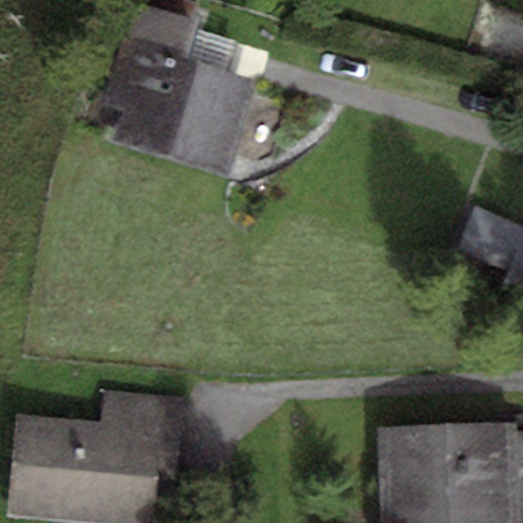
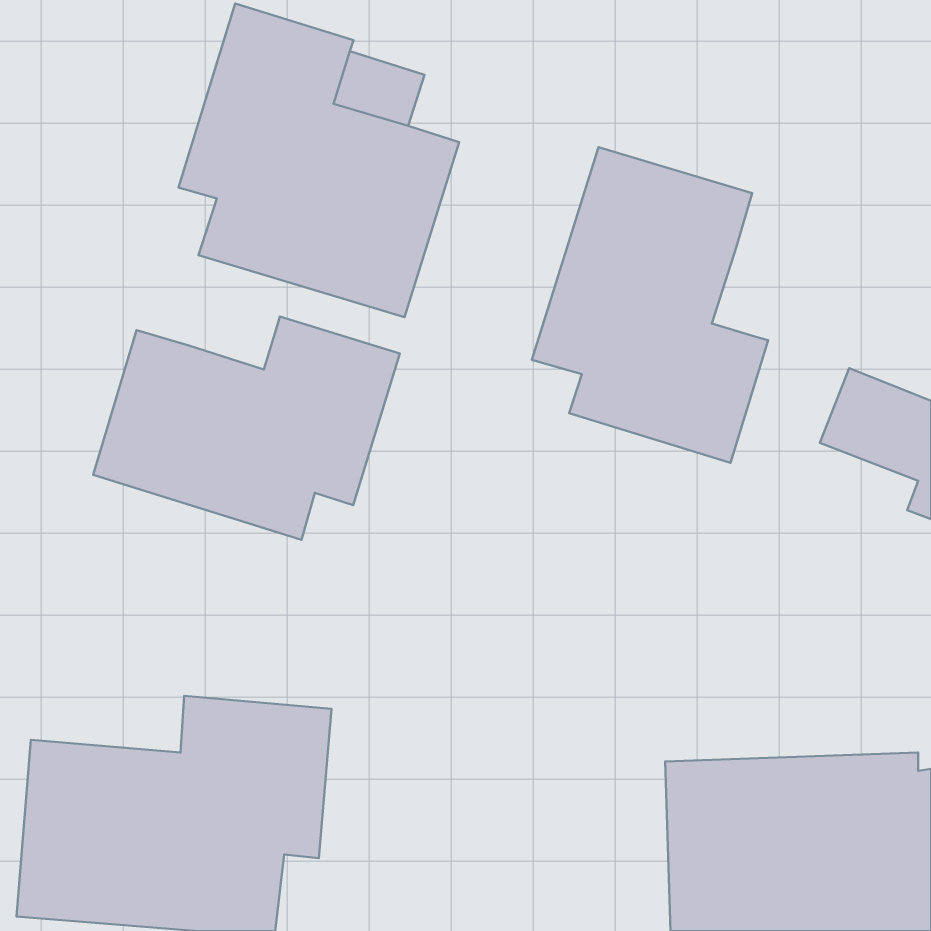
building: none -> [532,147,768,463]
building: none -> [93,317,400,540]

